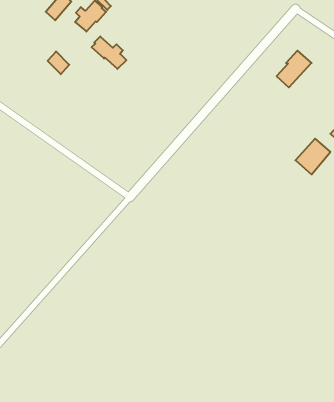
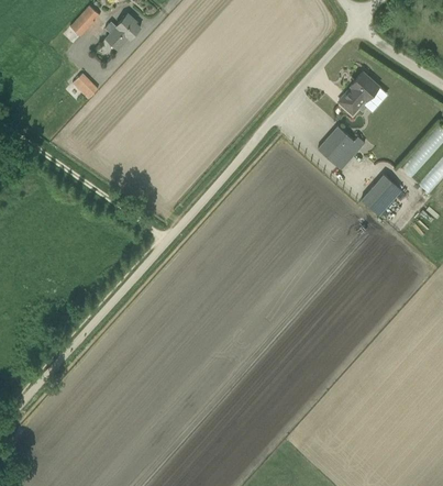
building: [92,36,126,69] -> none
building: none -> [318,125,365,169]

